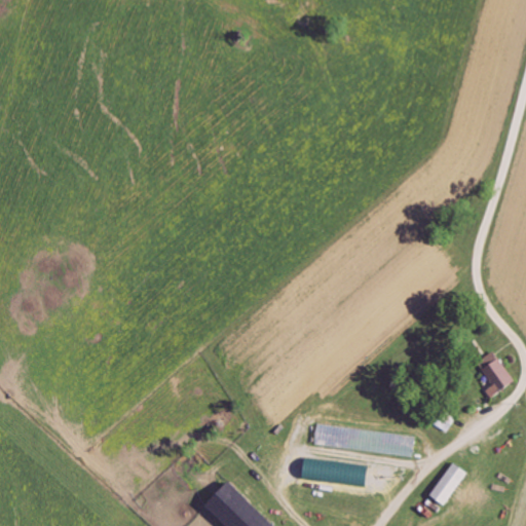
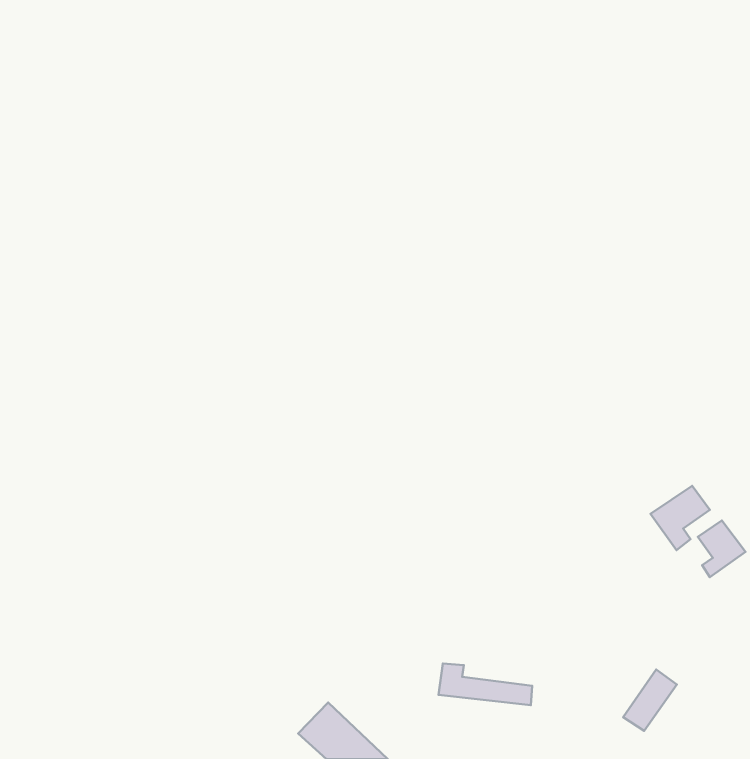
building: none -> [651,486,710,550]
building: [311,423,412,457] -> none

